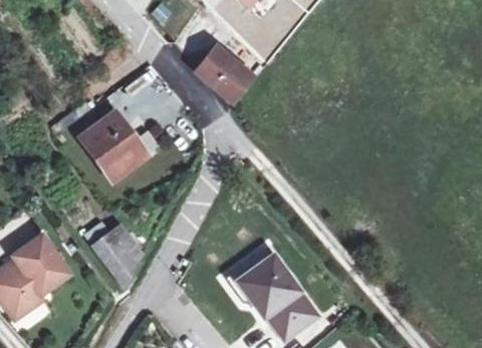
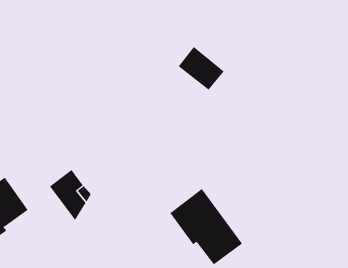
building: [196,48,250,99] -> [178,46,224,90]
building: [78,111,146,181] -> none

